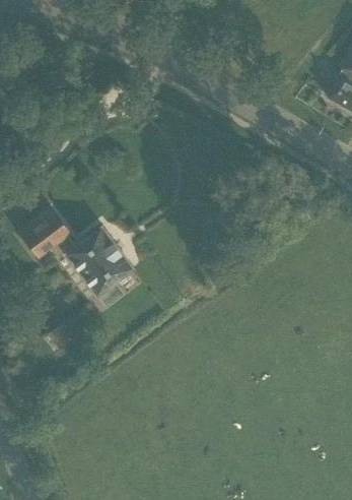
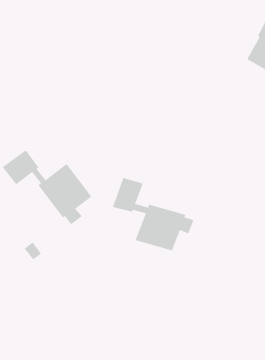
building: none -> [112,177,194,251]

